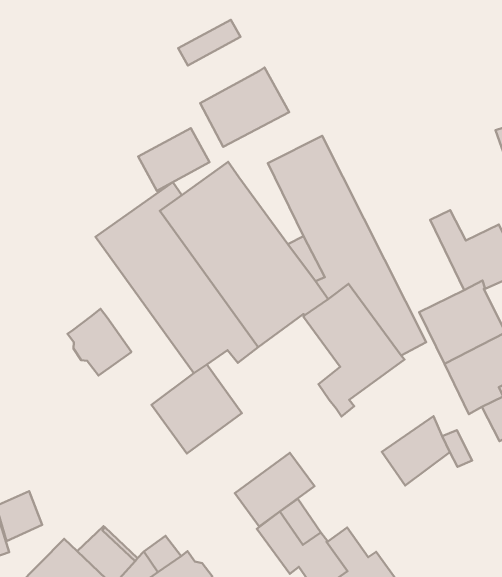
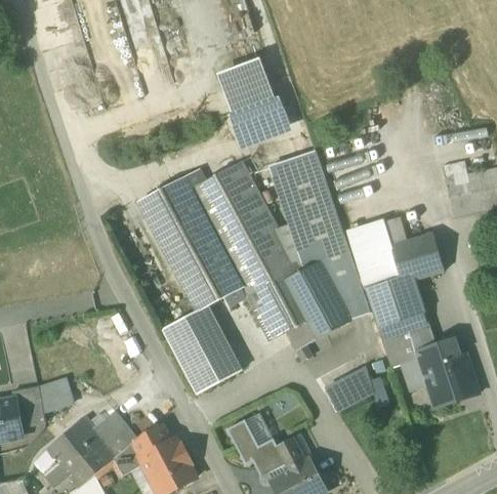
building: [138,128,210,191] -> [223,71,275,113]
building: none -> [348,222,401,288]
building: [67,309,131,375] -> none
building: none -> [246,278,303,339]
building: [235,453,314,526] -> [183,343,242,394]

